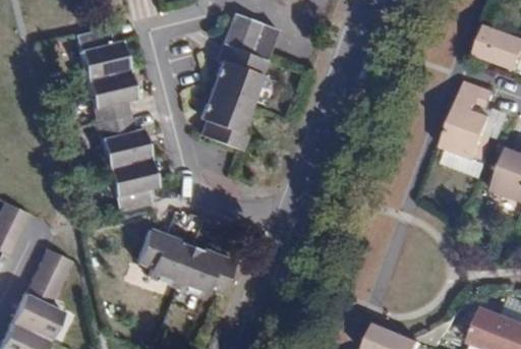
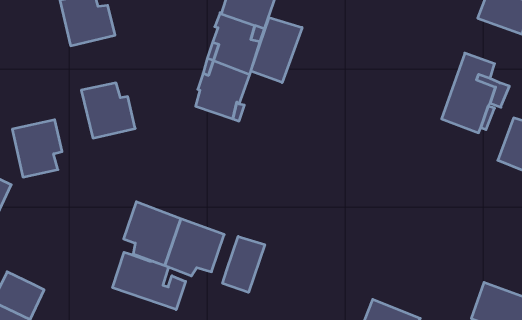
building: none -> [251,18,302,83]
building: [84,68,134,121] -> none
building: [106,158,154,213] -> [12,120,62,177]
building: [23,251,69,307] -> none
building: none -> [223,236,265,292]
building: none -> [113,252,186,310]

